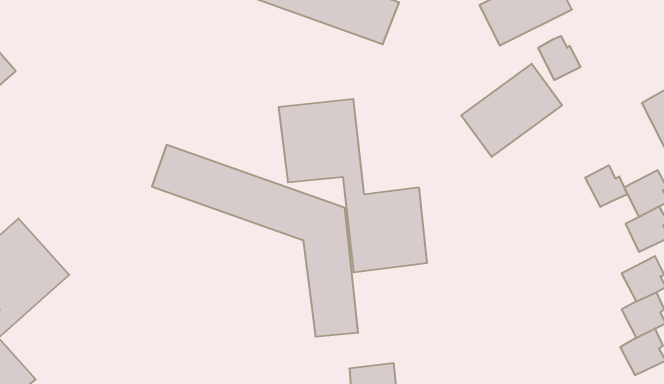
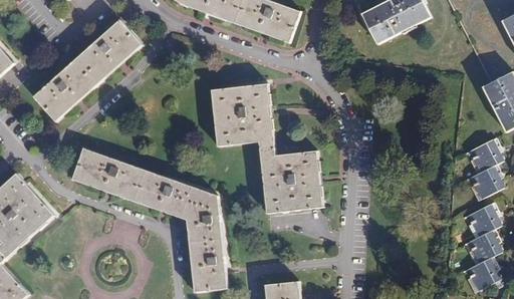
building: none -> [33,20,143,121]
building: [538,36,581,80] -> none
building: [461,64,562,157] -> none
building: [152,145,358,337] -> [72,148,227,292]
building: [585,165,627,207] -> none

